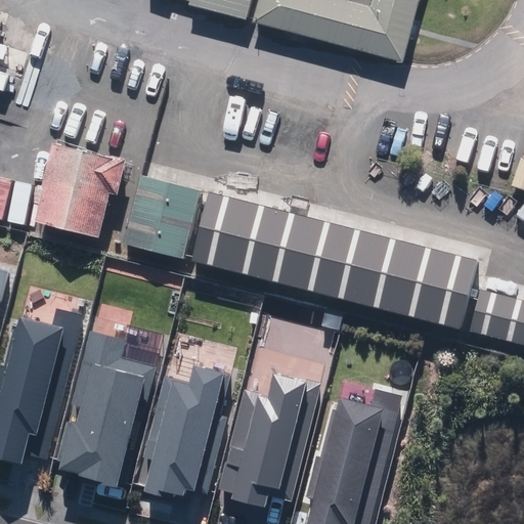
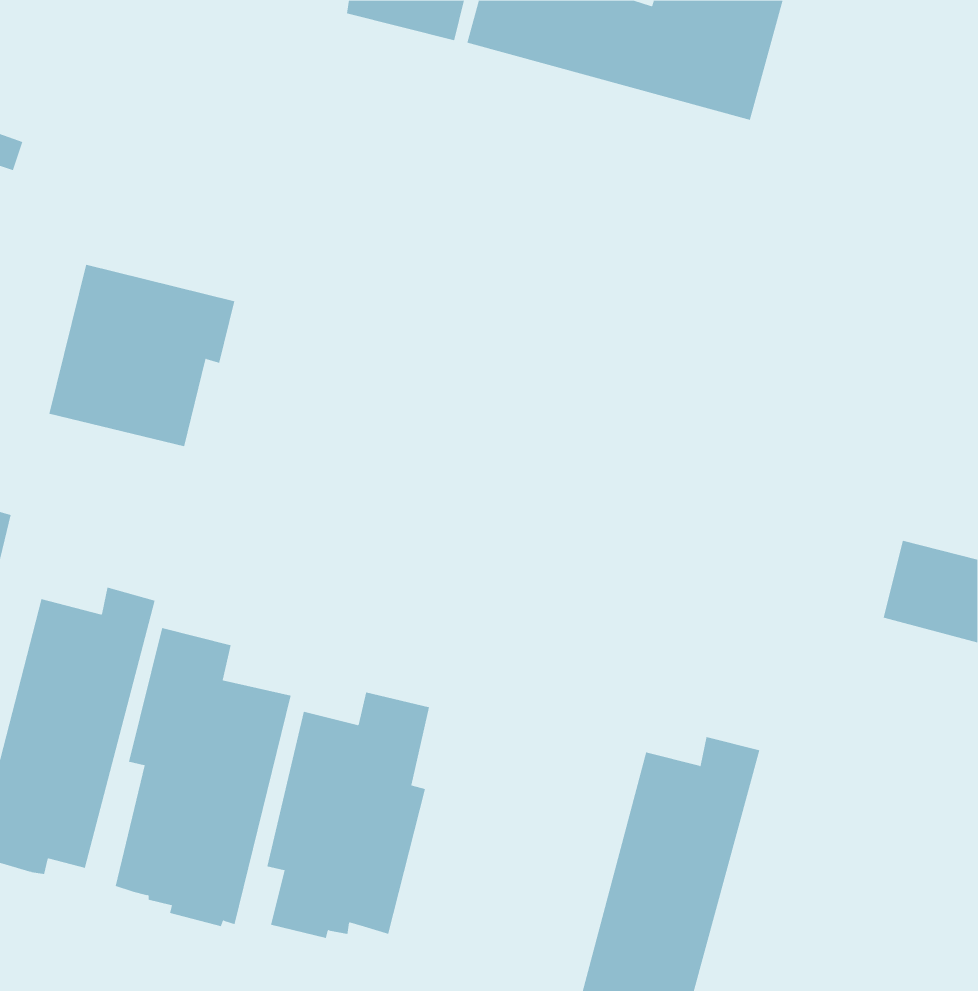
building: [120,170,196,254] -> none
building: [186,189,473,323] -> none
building: [216,372,318,506] -> none

